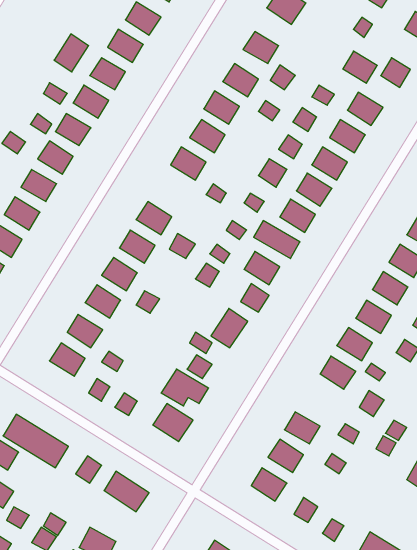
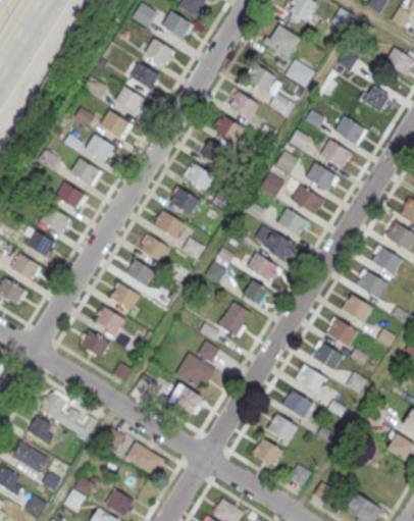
building: [343,51,377,83] -> [286,60,315,88]
building: none -> [170,188,201,216]
building: none -> [296,366,326,395]

